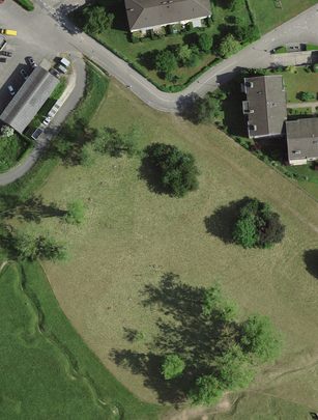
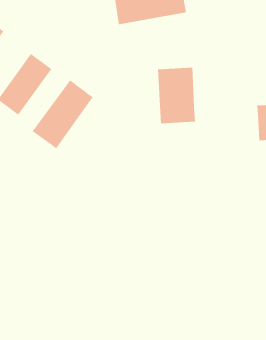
building: [243,75,286,137] -> [157,67,196,124]
building: none -> [32,79,94,149]

